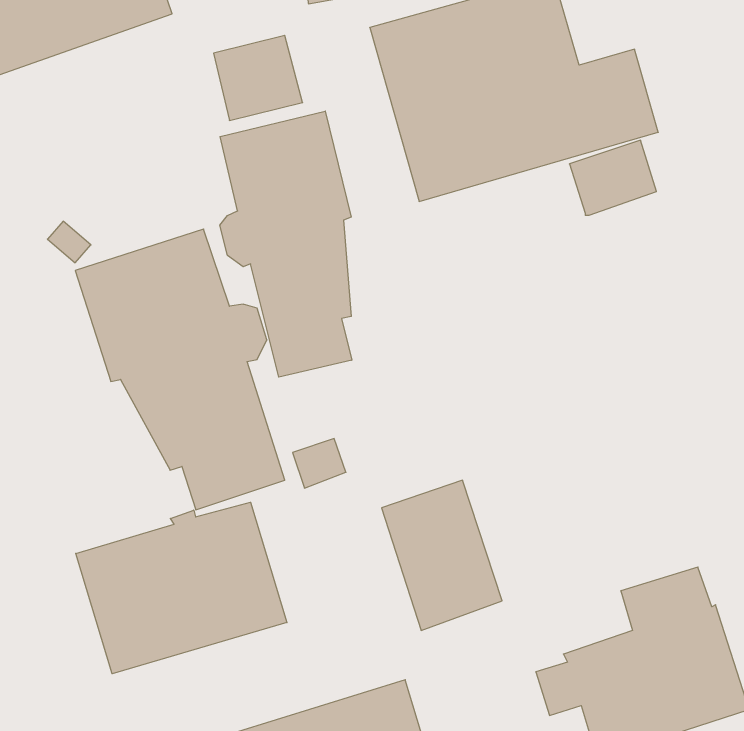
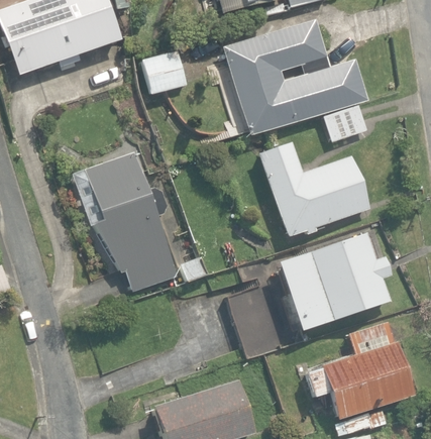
building: [220,111,352,377] -> none
building: none -> [257,142,370,237]
building: none -> [276,232,393,332]
building: [76,502,287,674] -> none

